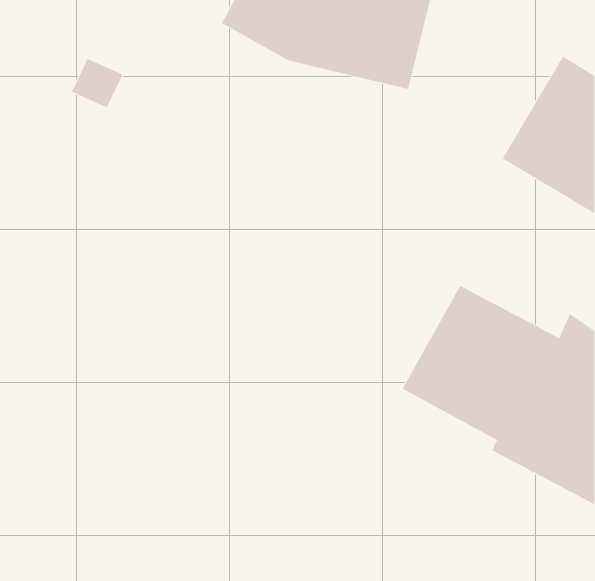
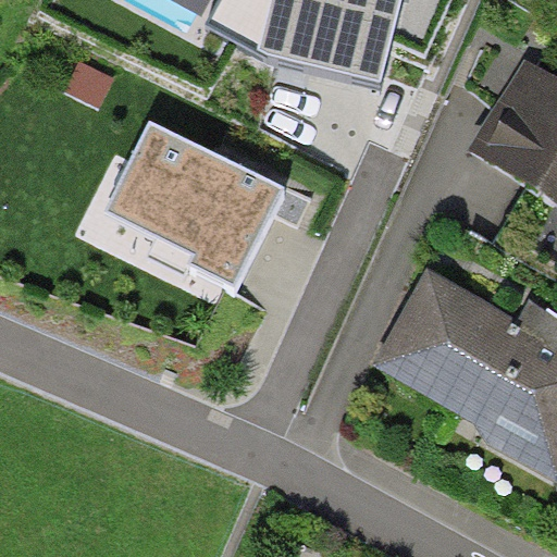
building: none -> [108,123,286,289]

